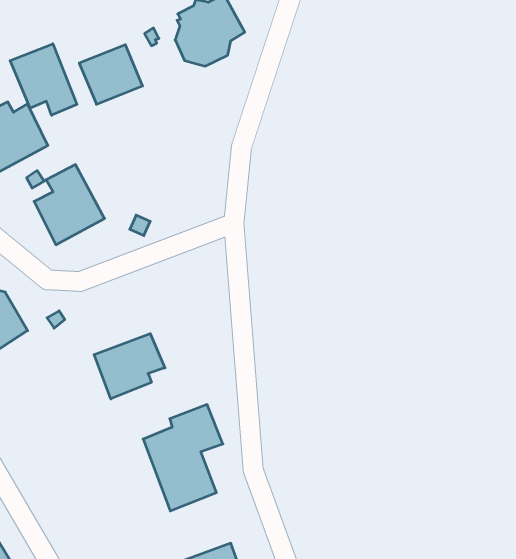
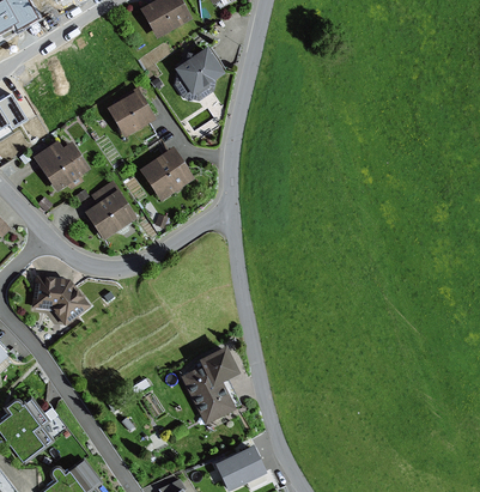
building: [10,44,77,115] -> none
building: none -> [139,146,194,200]
building: [94,334,165,399] -> none

